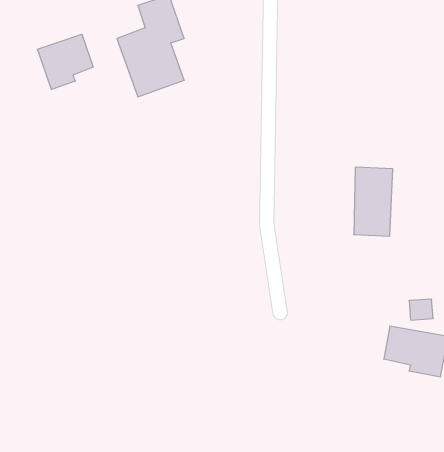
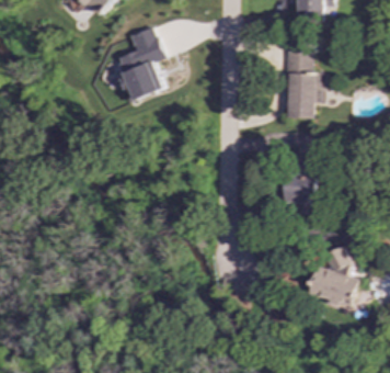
building: none -> [285,50,324,117]
building: [38,34,93,90] -> none

